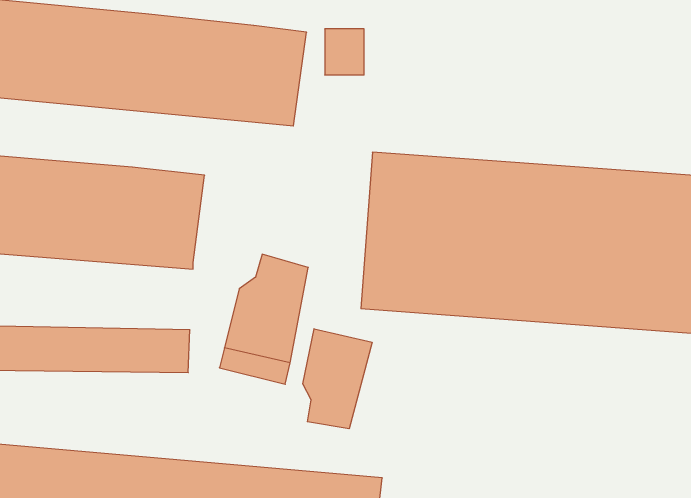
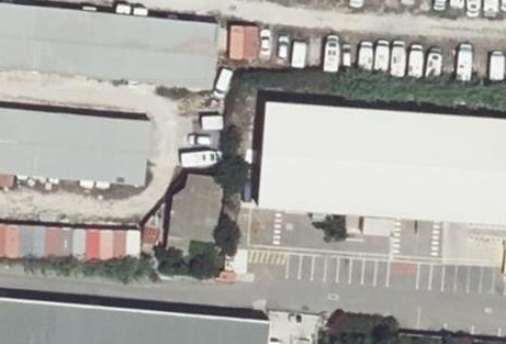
building: [303,329,372,429] -> none

